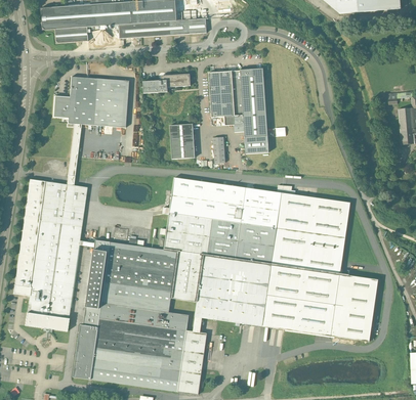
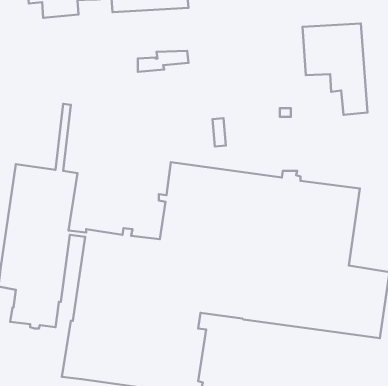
building: [208,69,268,153] -> [303,23,368,115]
building: [53,76,129,127] -> none
building: [170,124,195,159] -> none

